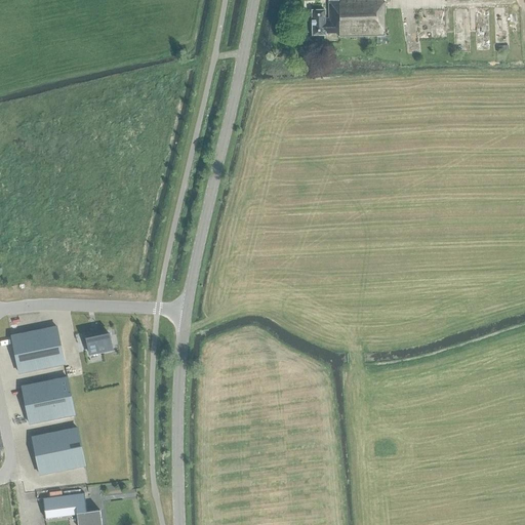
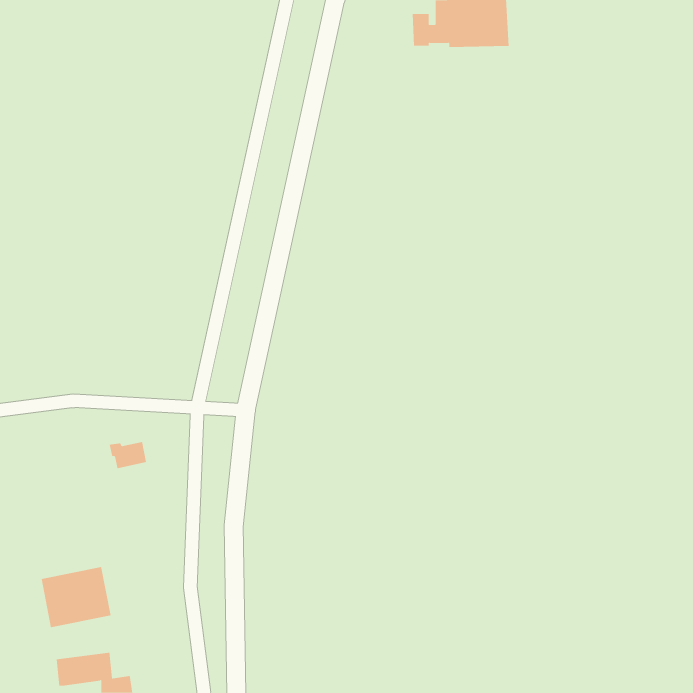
building: [10,326,64,372] -> none
building: [21,377,74,422] -> none

